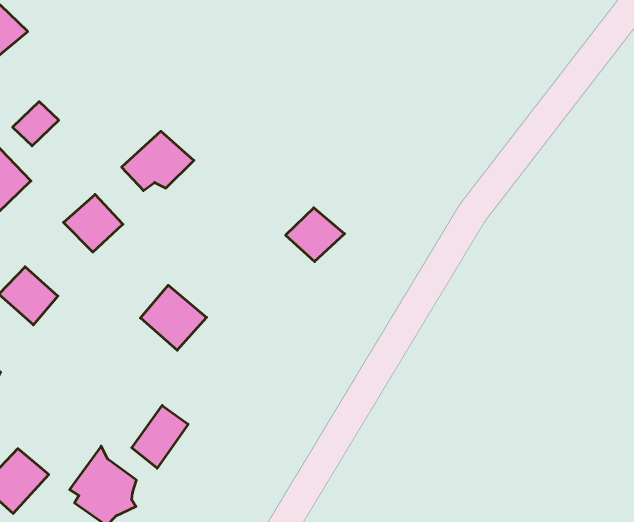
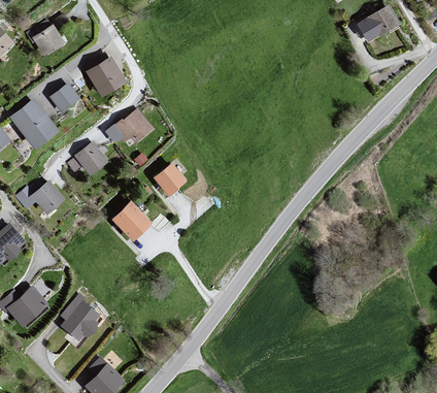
building: none -> [87,57,125,95]
building: [286,208,345,262] -> [153,164,188,196]
building: [132,405,188,468] -> none

